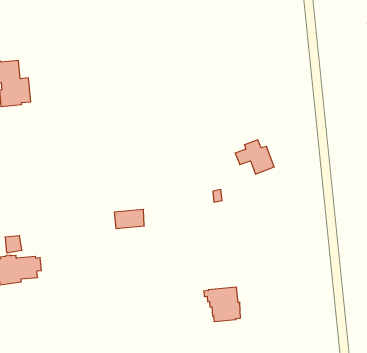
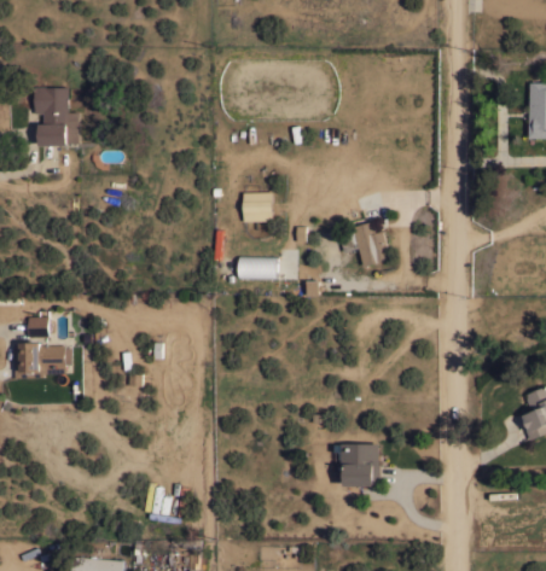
building: none -> [242,192,272,222]
building: [114,209,144,229] -> [238,258,277,280]
building: [204,287,240,321] -> [335,444,381,486]

